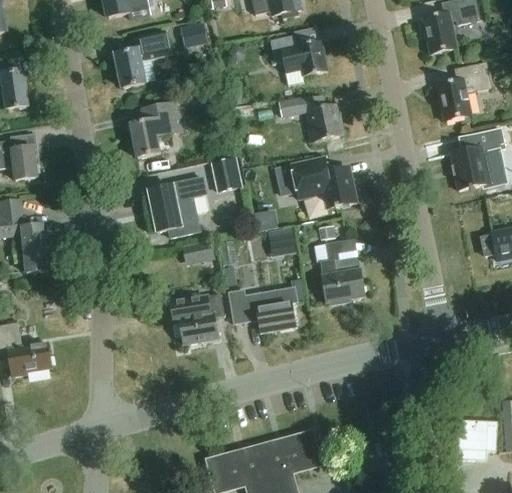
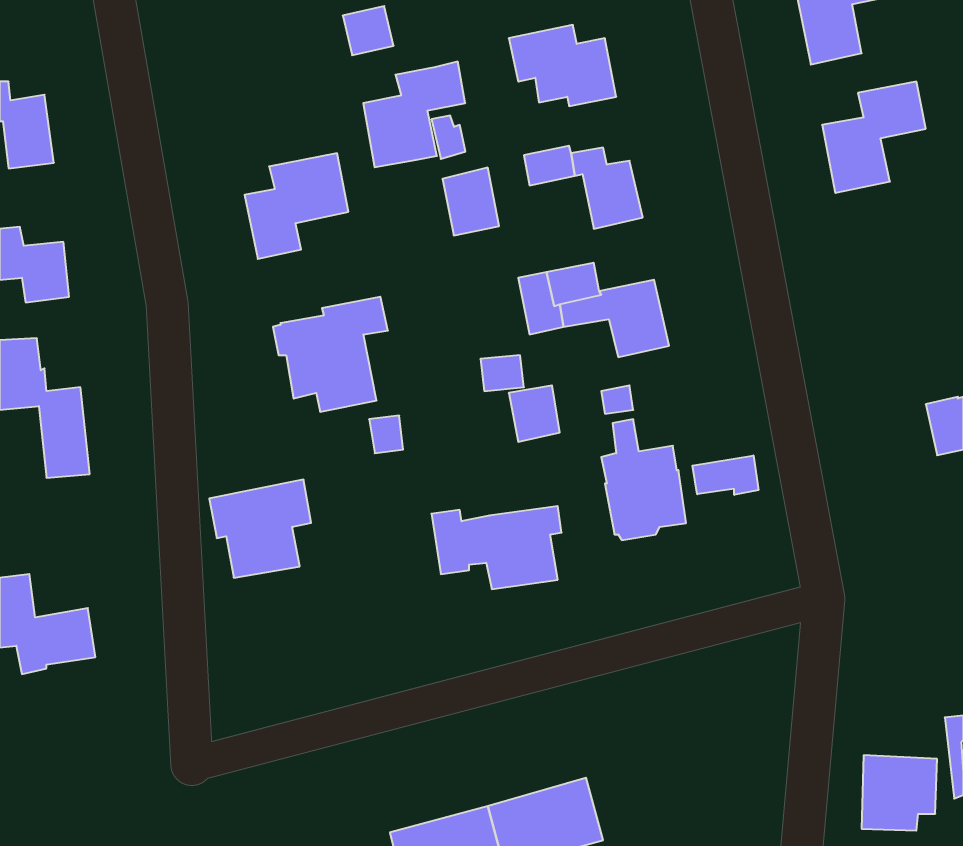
building: [116,29,170,85] -> [363,62,465,167]
building: [448,129,505,191] -> none
building: [213,157,243,193] -> [442,168,499,235]
building: none -> [692,455,758,495]
building: [171,292,225,344] -> [209,480,311,578]

